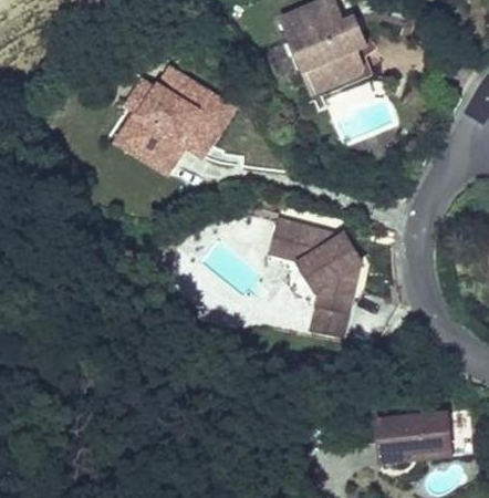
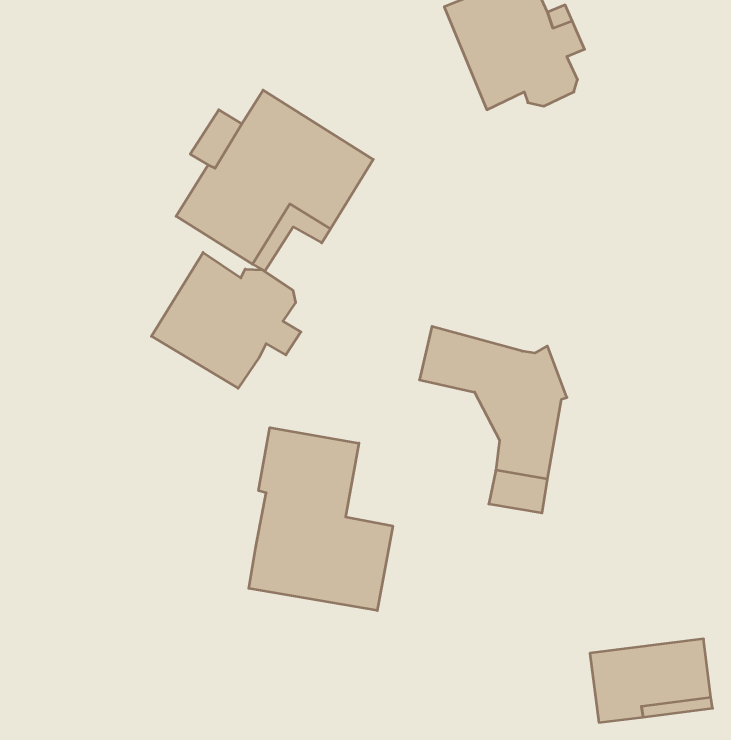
building: none -> [151,252,301,388]
building: none -> [249,428,393,611]

